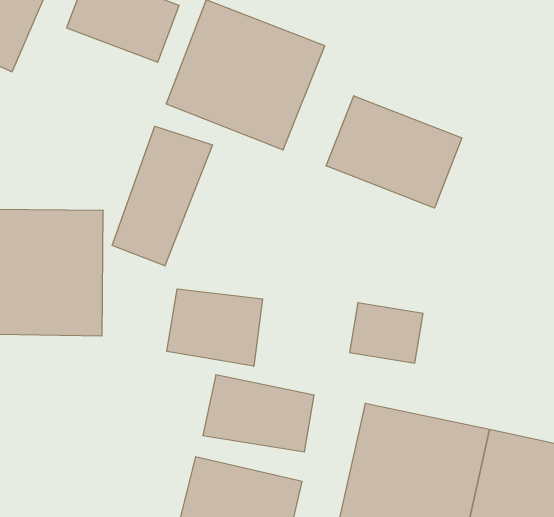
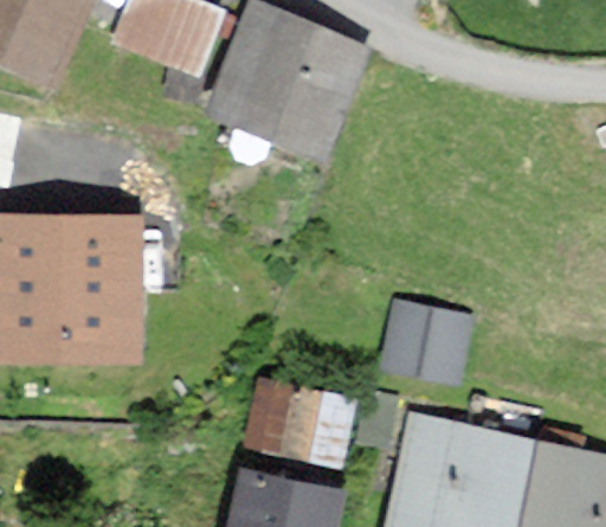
building: [326,96,462,208] -> none
building: [112,126,213,266] -> none
building: [167,289,262,366] -> none

